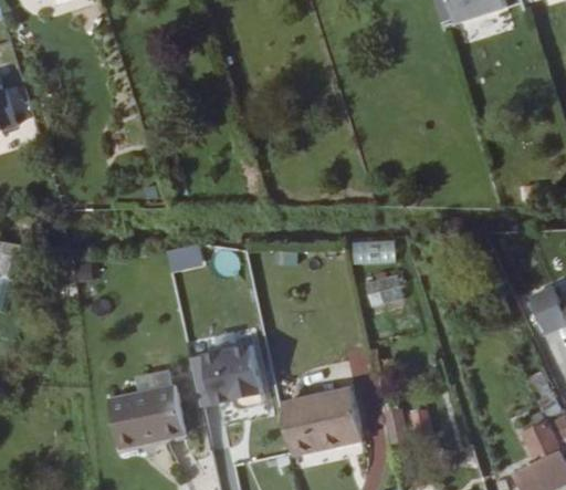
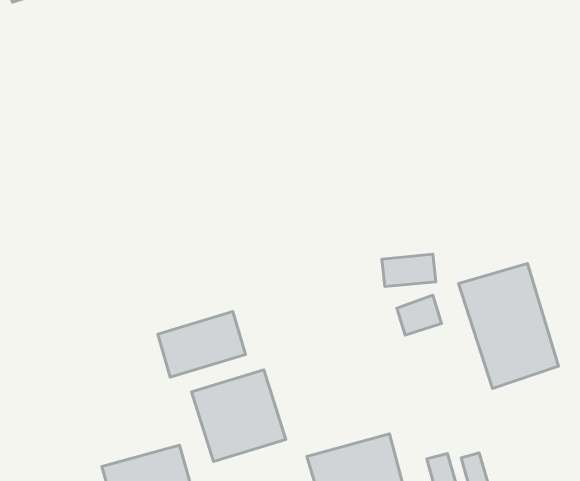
building: none -> [459,264,559,388]
building: none -> [158,311,245,377]

